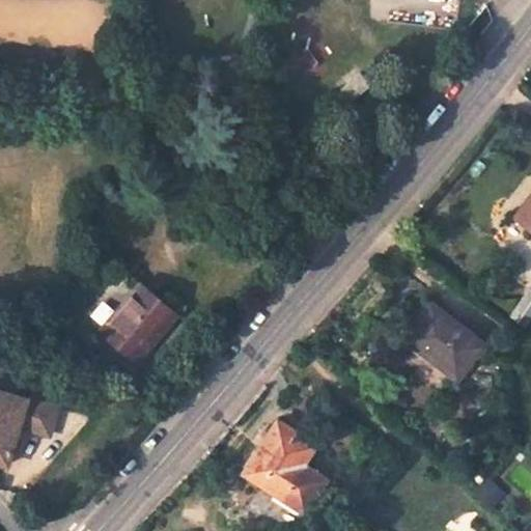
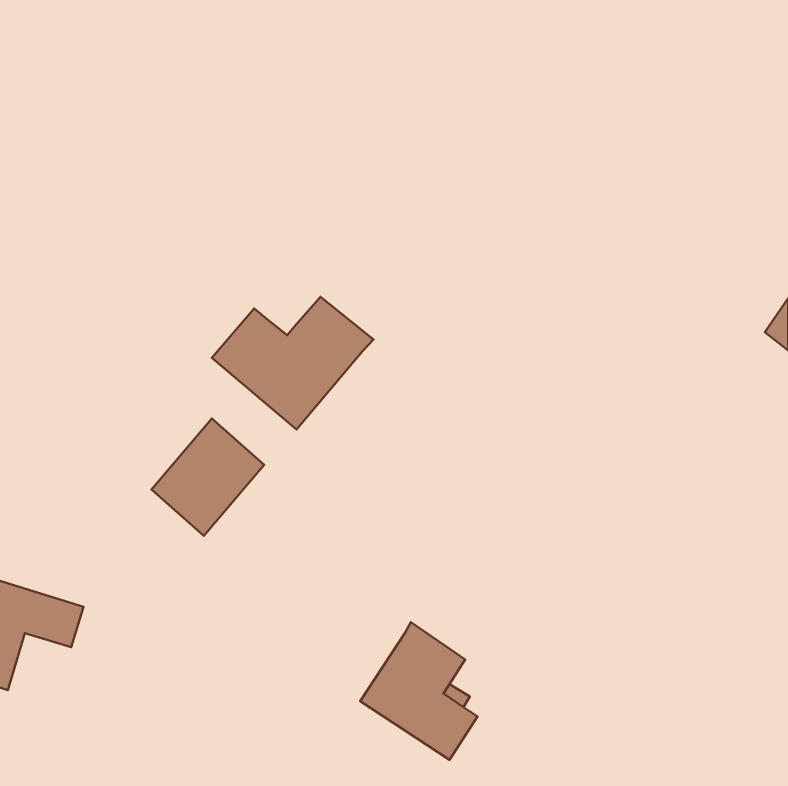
building: none -> [212,297,374,429]
building: [406,307,484,384] -> none

